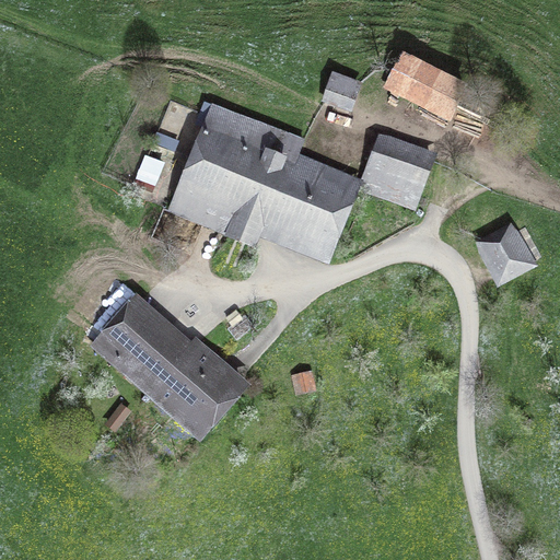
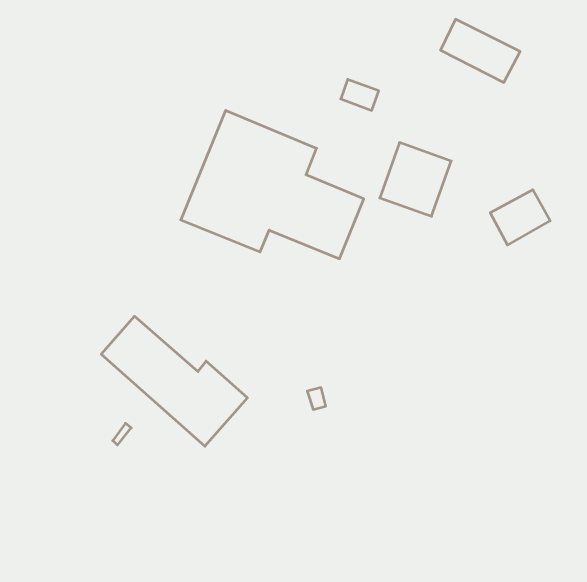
building: [387,52,463,113] -> [441,19,520,82]
building: [483,222,540,275] -> [490,190,550,245]

